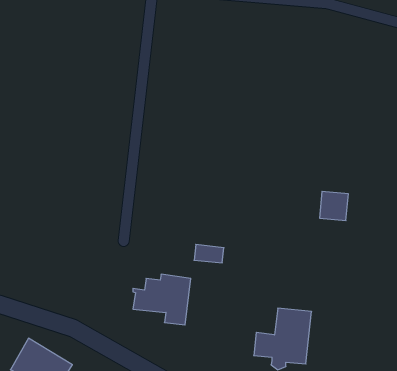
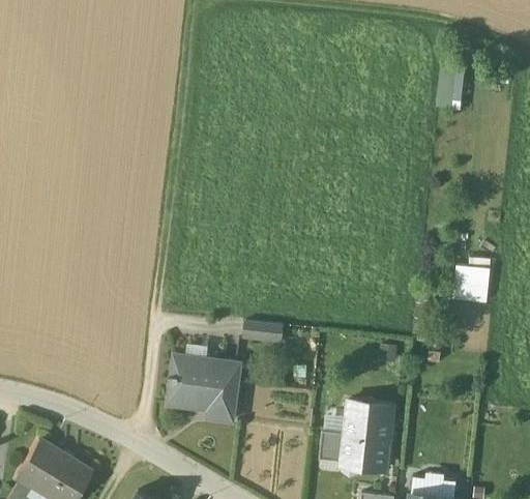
building: none -> [440,68,465,107]
building: [320,191,348,221] -> [454,265,491,301]

